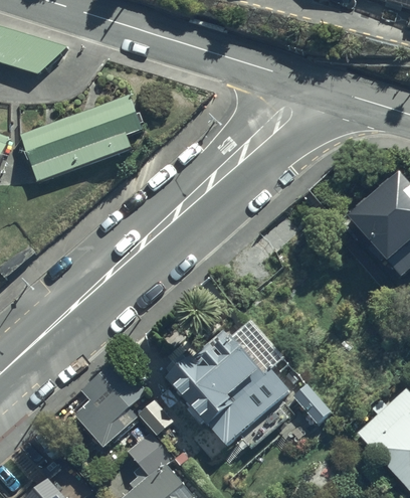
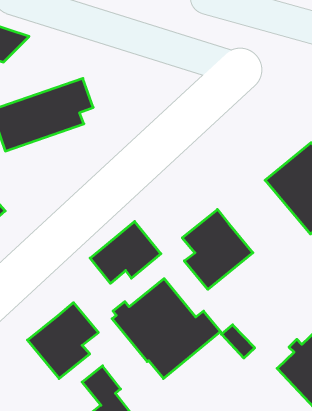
building: none -> [182,209,253,289]
building: none -> [90,221,161,283]

